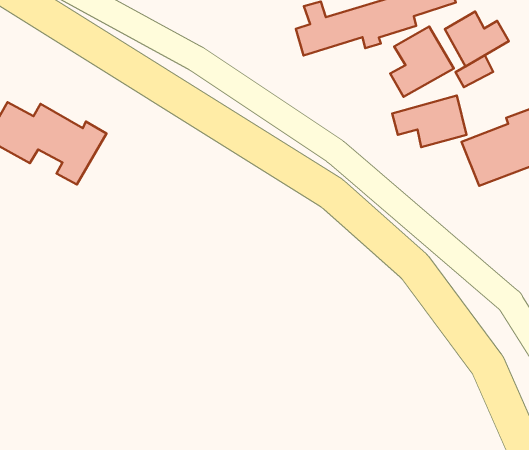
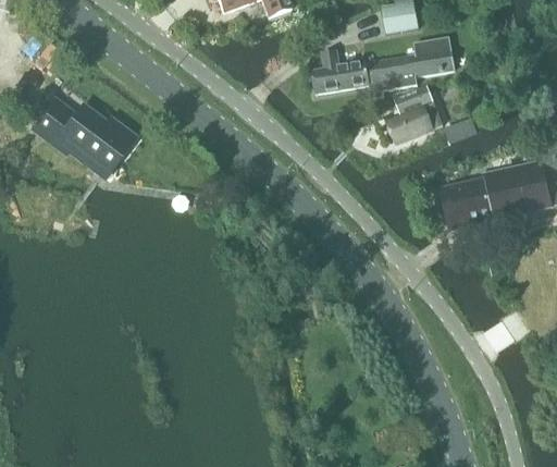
building: [445,12,509,66] -> none
building: [392,96,466,147] -> none

